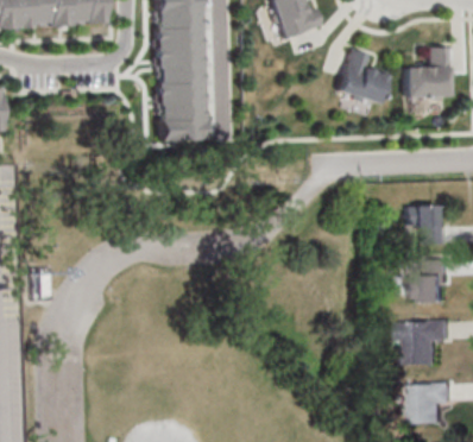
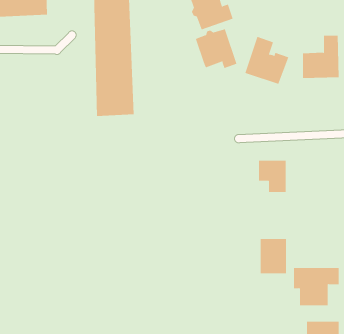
building: none -> [195,28,237,69]
building: [409,206,442,244] -> [258,160,286,192]
building: [411,260,443,302] -> [260,238,287,274]

